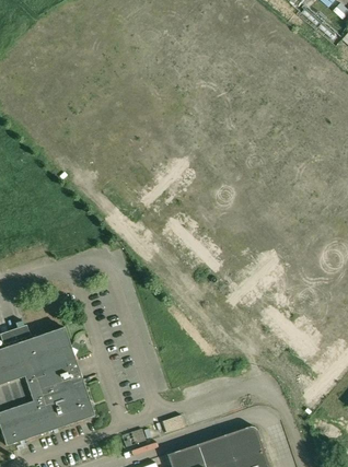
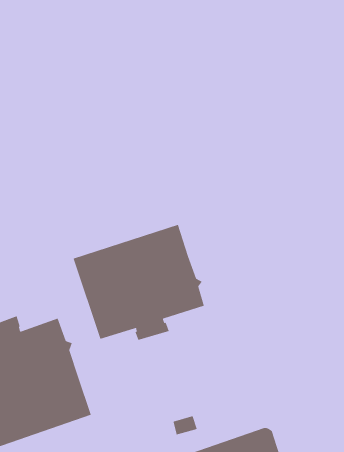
building: none -> [73,224,205,341]

